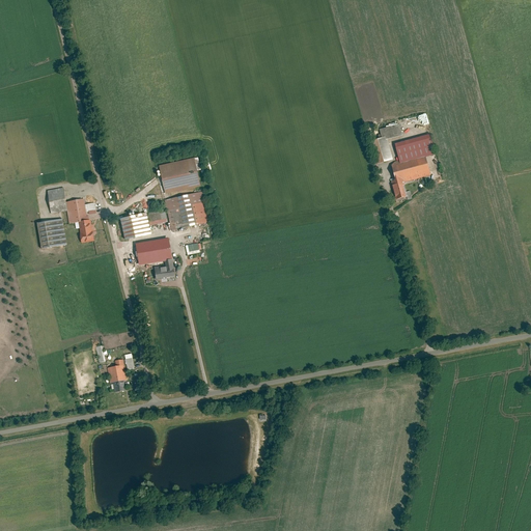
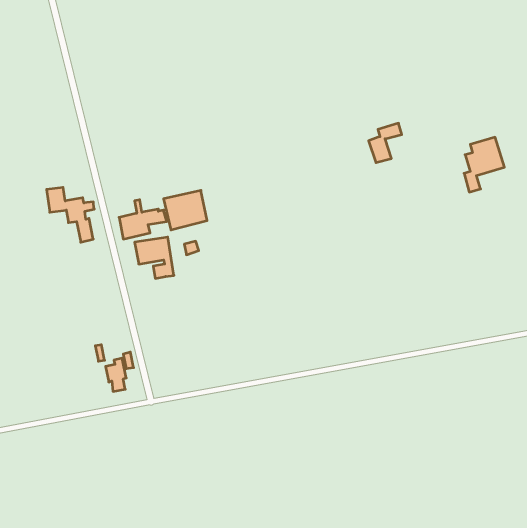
building: [390,144,430,199] -> [464,137,504,192]
building: [158,157,199,194] -> none
building: [37,218,66,248] -> none

